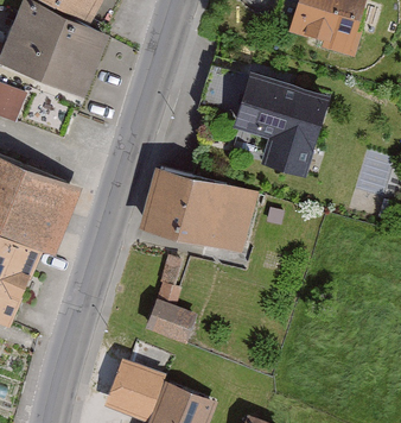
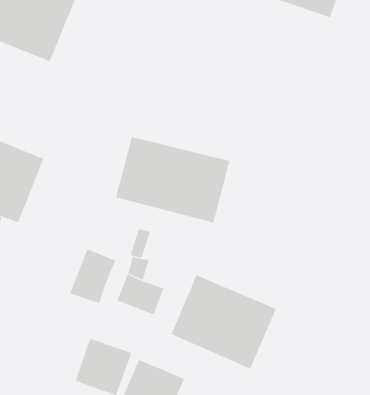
building: [231,74,327,177] -> none
building: none -> [70,248,116,304]
building: none -> [171,275,277,370]

